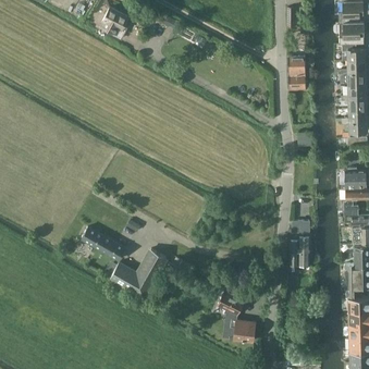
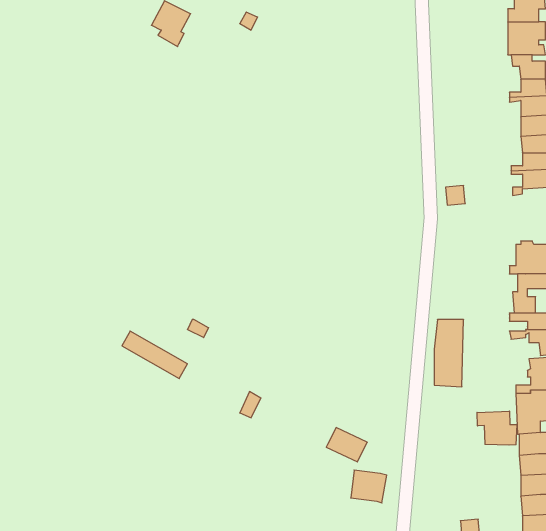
building: [288,56,306,89] -> none
building: [110,249,167,298] -> none
building: none -> [477,411,517,445]

